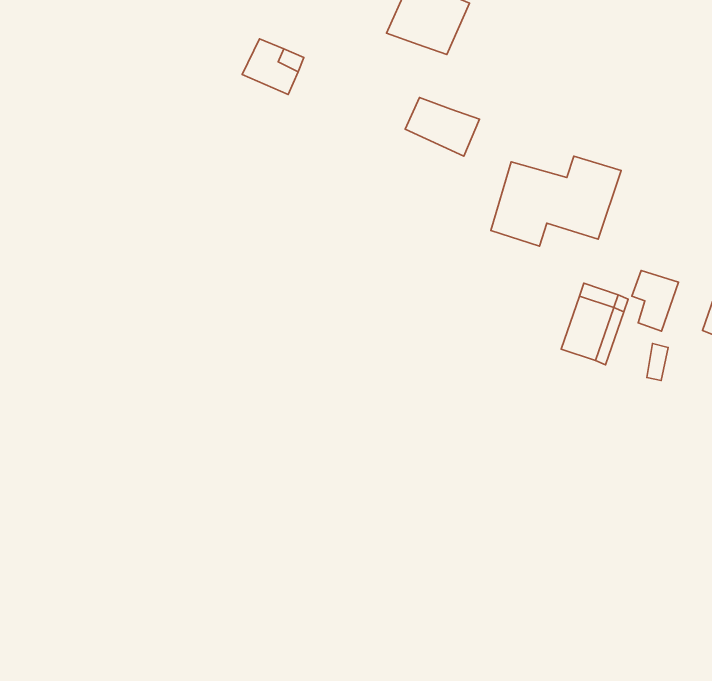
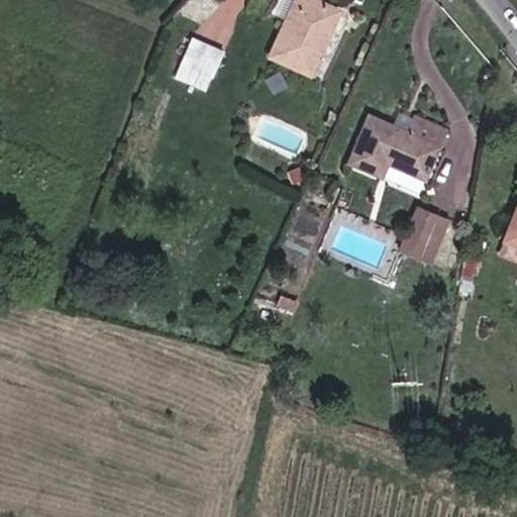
building: [405,98,480,156] -> [270,31,322,73]
building: [632,271,679,331] -> none

